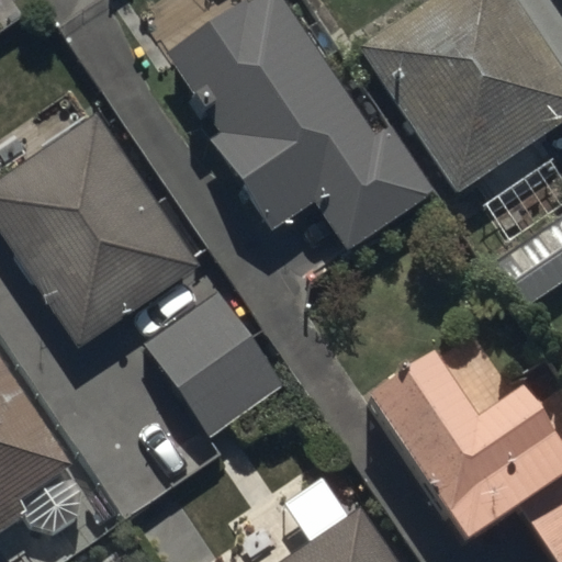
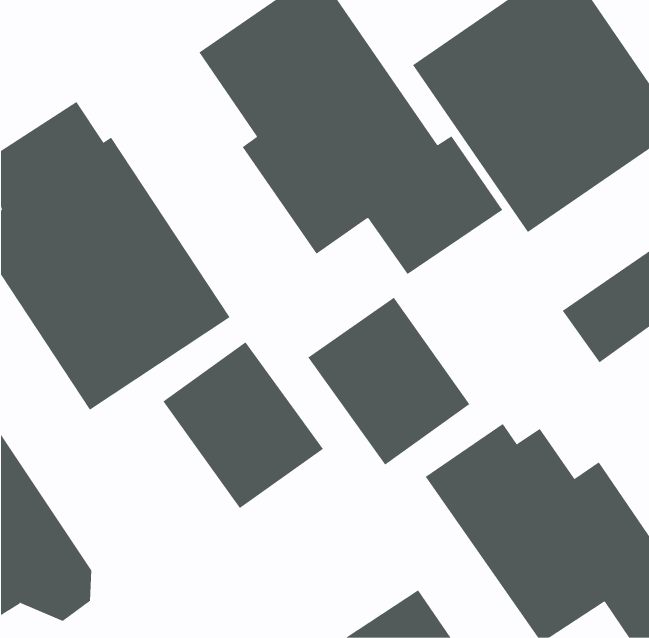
building: none -> [307,297,470,465]

